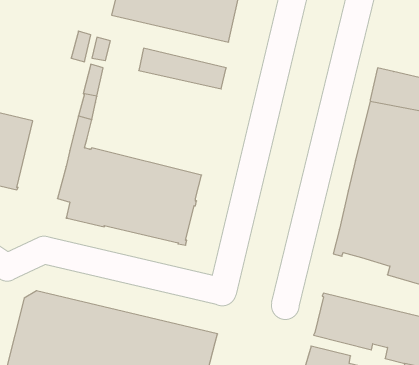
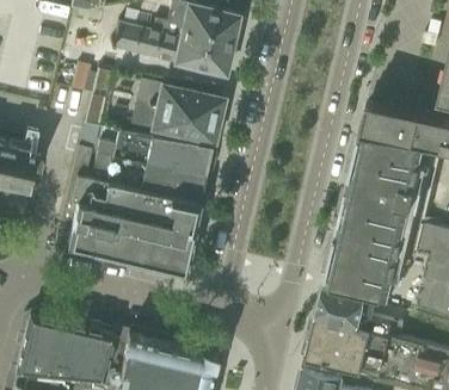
building: none -> [134,103,219,141]
building: none -> [93,132,213,204]
building: none -> [318,285,405,339]

